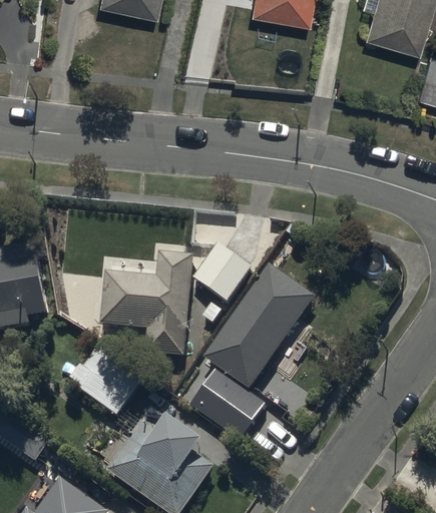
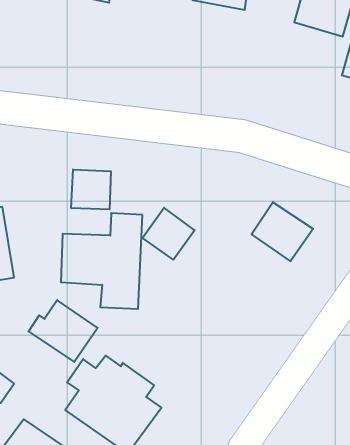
building: none -> [71,169,111,209]
building: none -> [252,202,313,261]
building: [189,263,316,441] -> none

